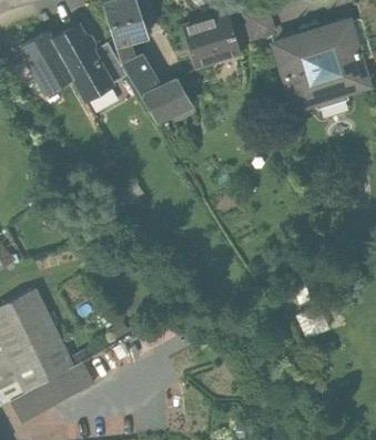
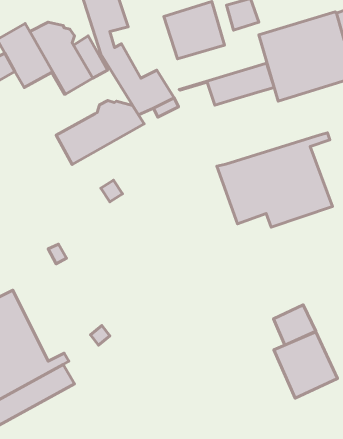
building: none -> [179,63,274,105]
building: none -> [56,101,144,164]
building: none -> [217,133,332,227]
building: none -> [274,332,337,398]

